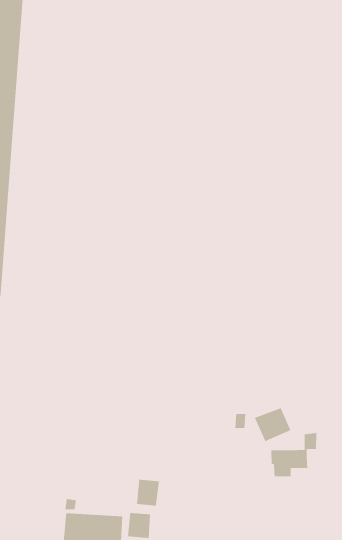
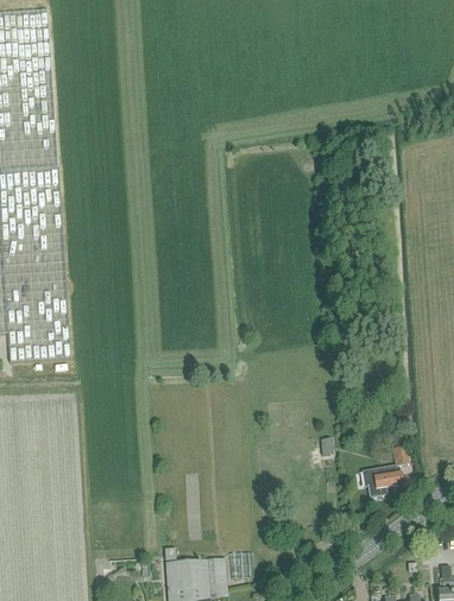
building: [254,407,291,442] -> none
building: [136,479,160,507] -> none

